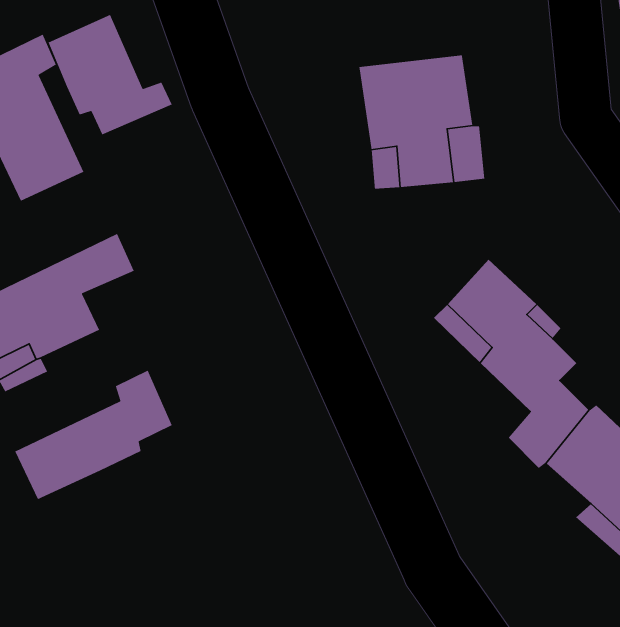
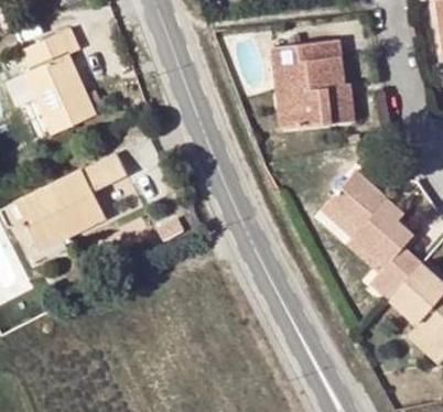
building: [48,14,173,135] -> none
building: [14,370,173,500] -> none

